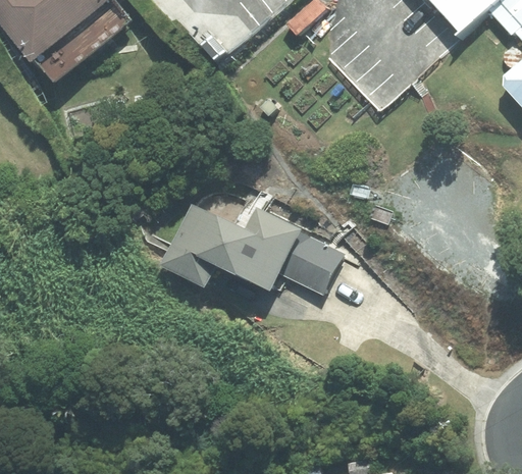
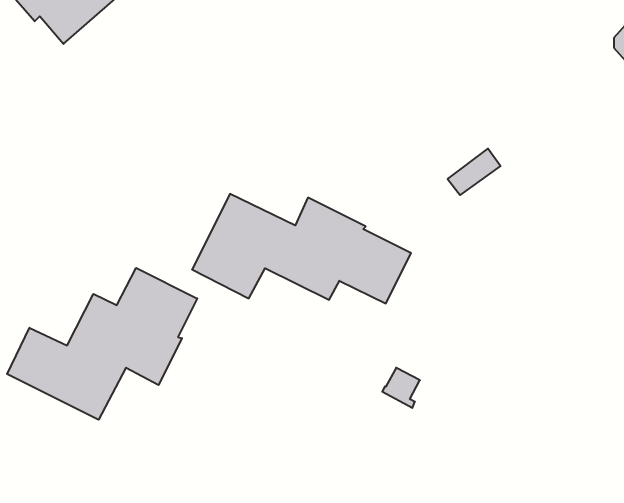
building: none -> [7,268,197,420]

